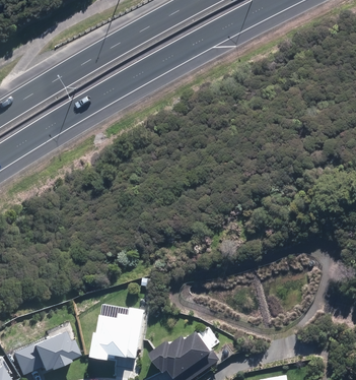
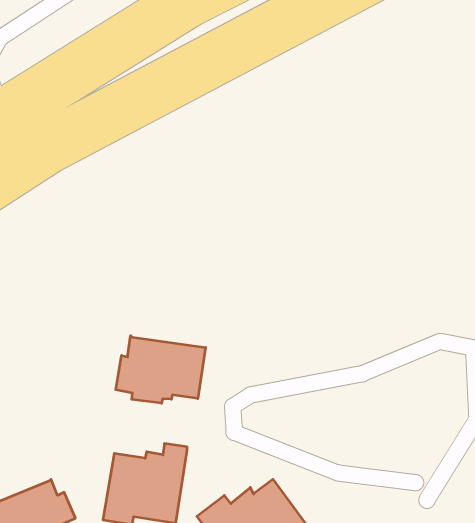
building: none -> [116,336,206,403]

